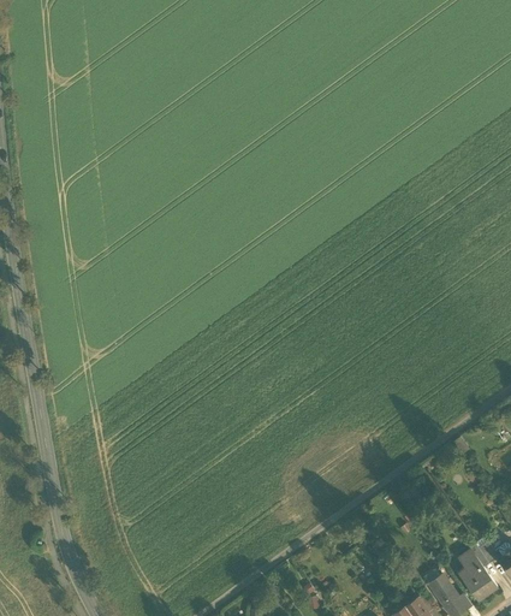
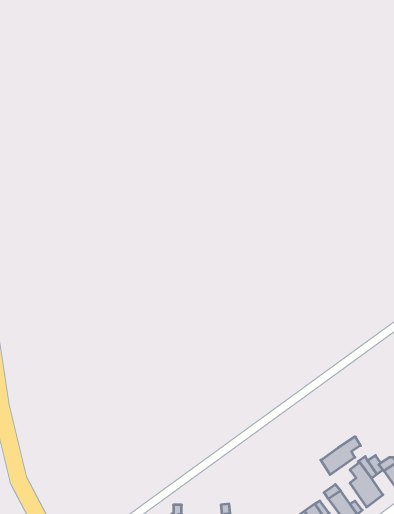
building: none -> [321,437,361,475]

